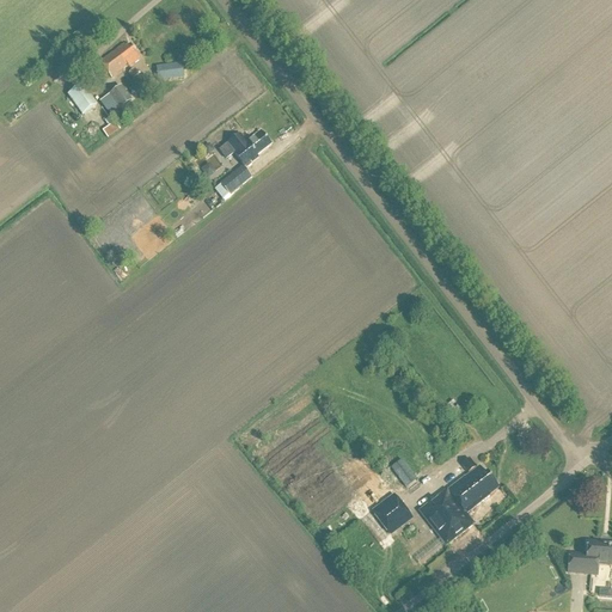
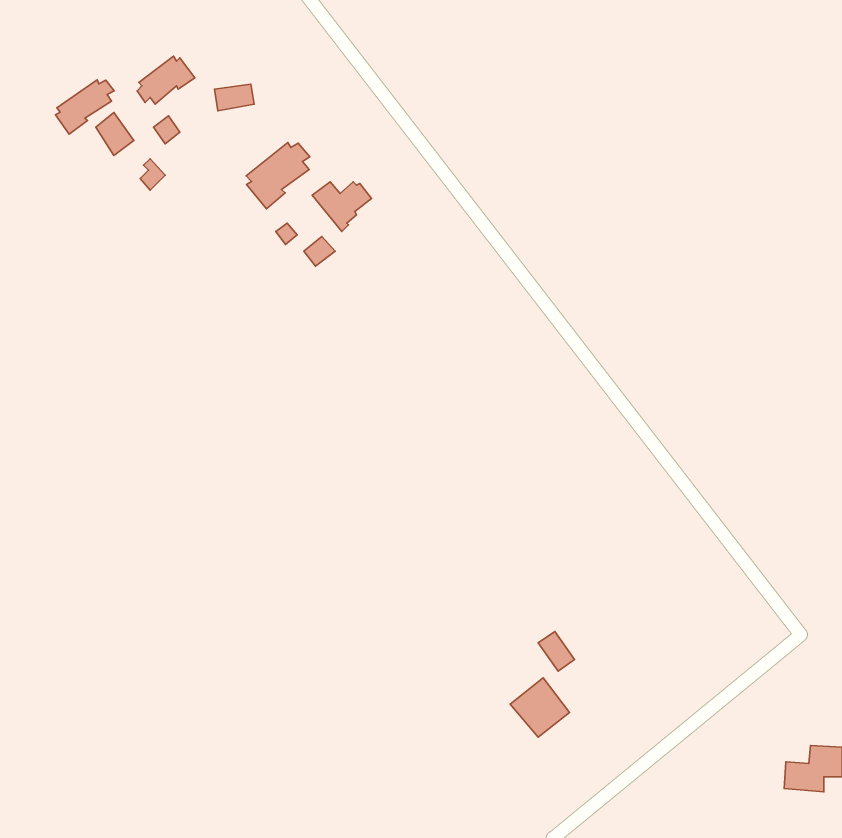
building: none -> [56,80,114,134]
building: none -> [246,142,310,209]
building: [414,465,497,563] -> none

